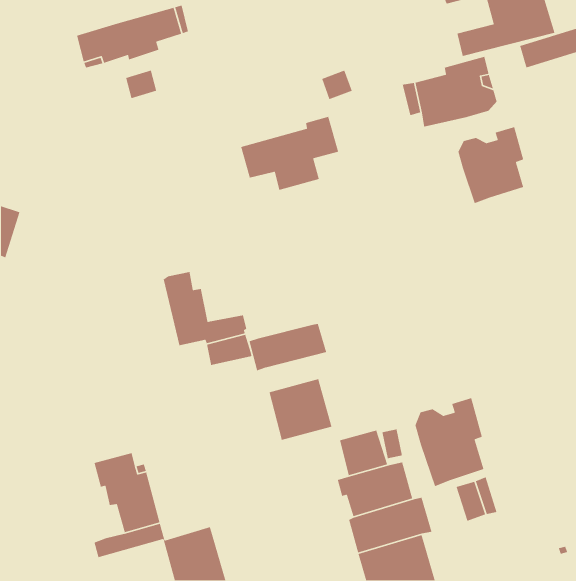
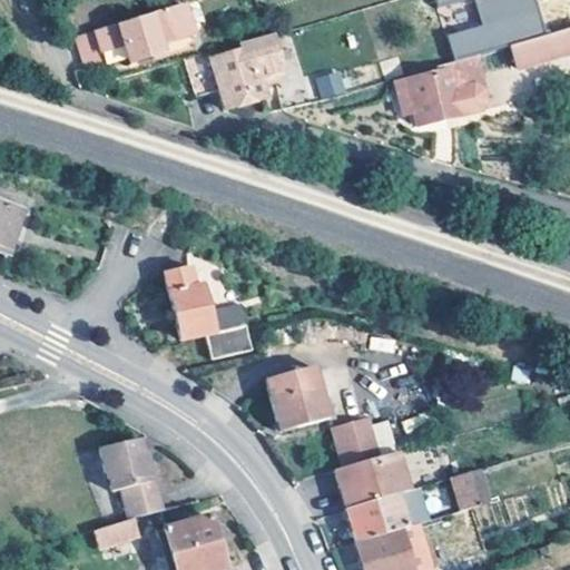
building: [240,116,339,191] -> [189,33,286,107]
building: [458,126,524,204] -> none
building: [249,323,327,371] -> none
building: [415,397,485,487] -> none

